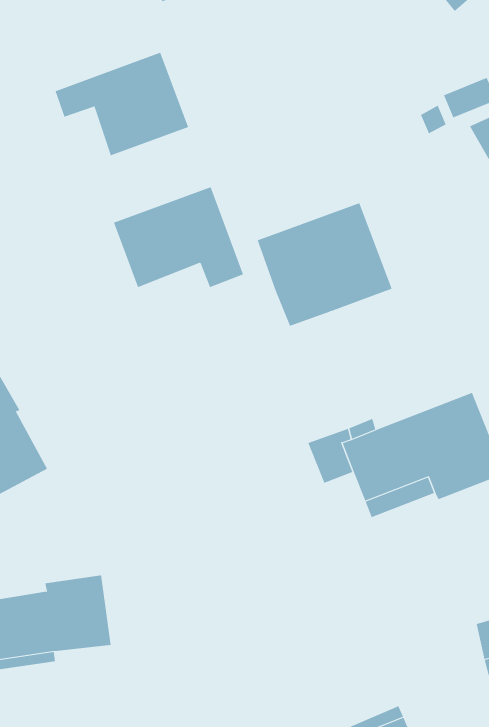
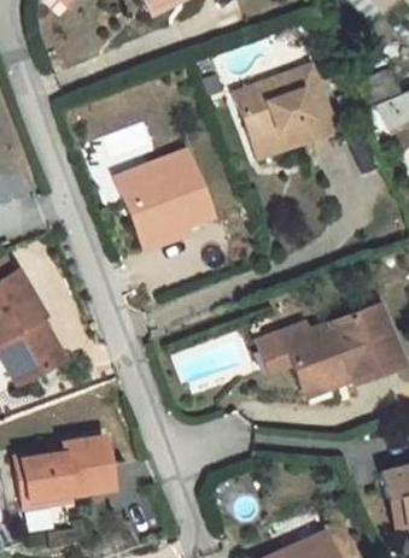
building: [55,52,189,156] -> none
building: [257,202,393,326] -> [235,64,335,155]
building: none -> [133,206,188,248]

